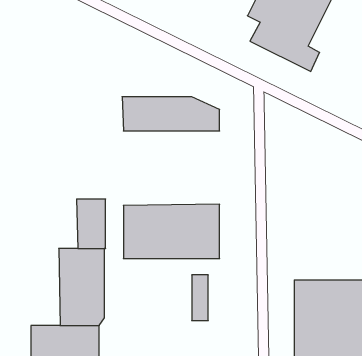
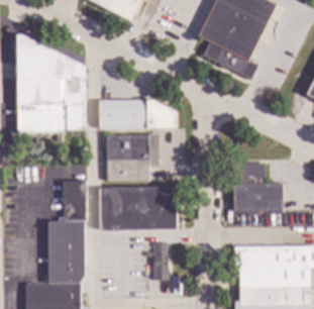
building: none -> [16,33,83,131]
building: none -> [107,134,160,181]
building: none -> [230,163,282,211]

